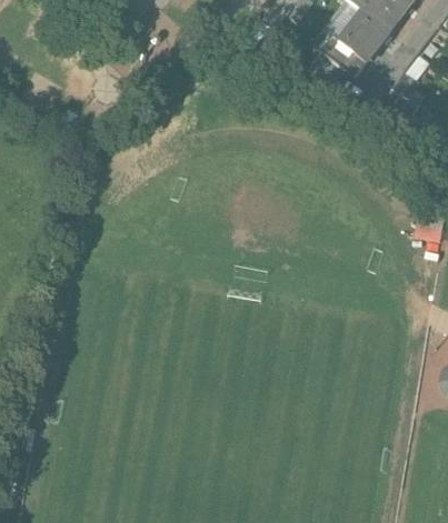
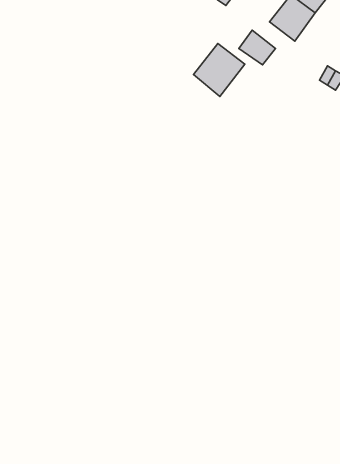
building: none -> [194,44,245,97]

